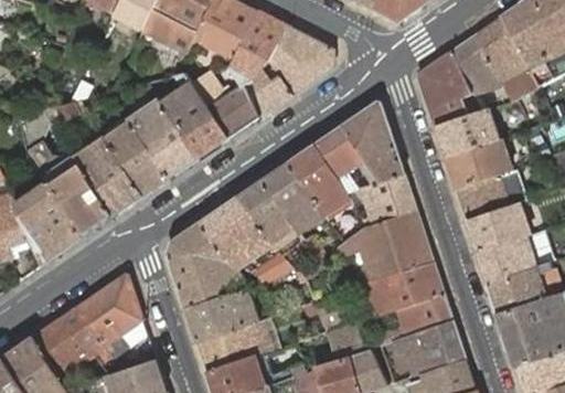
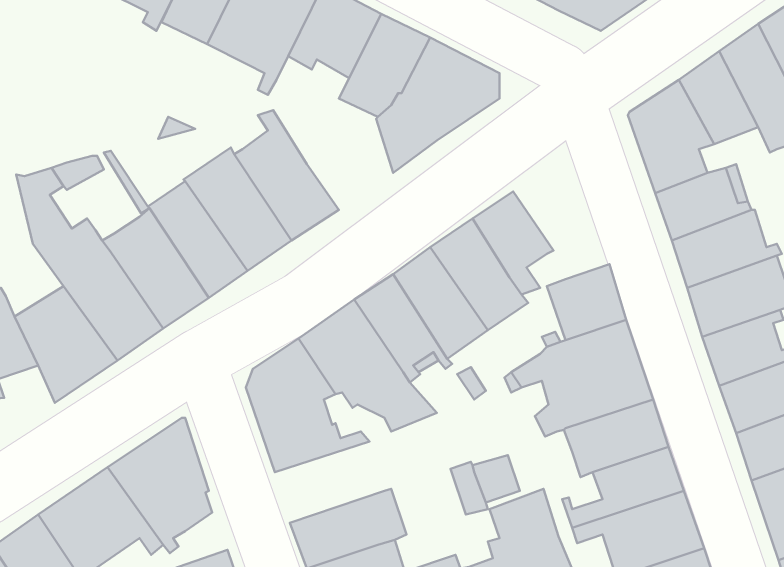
building: [184,61,257,138] -> none
building: [341,102,404,183] -> none
building: [185,289,257,342] -> none

